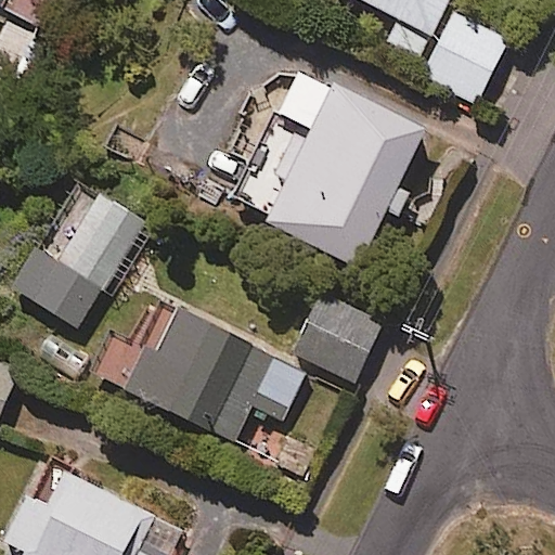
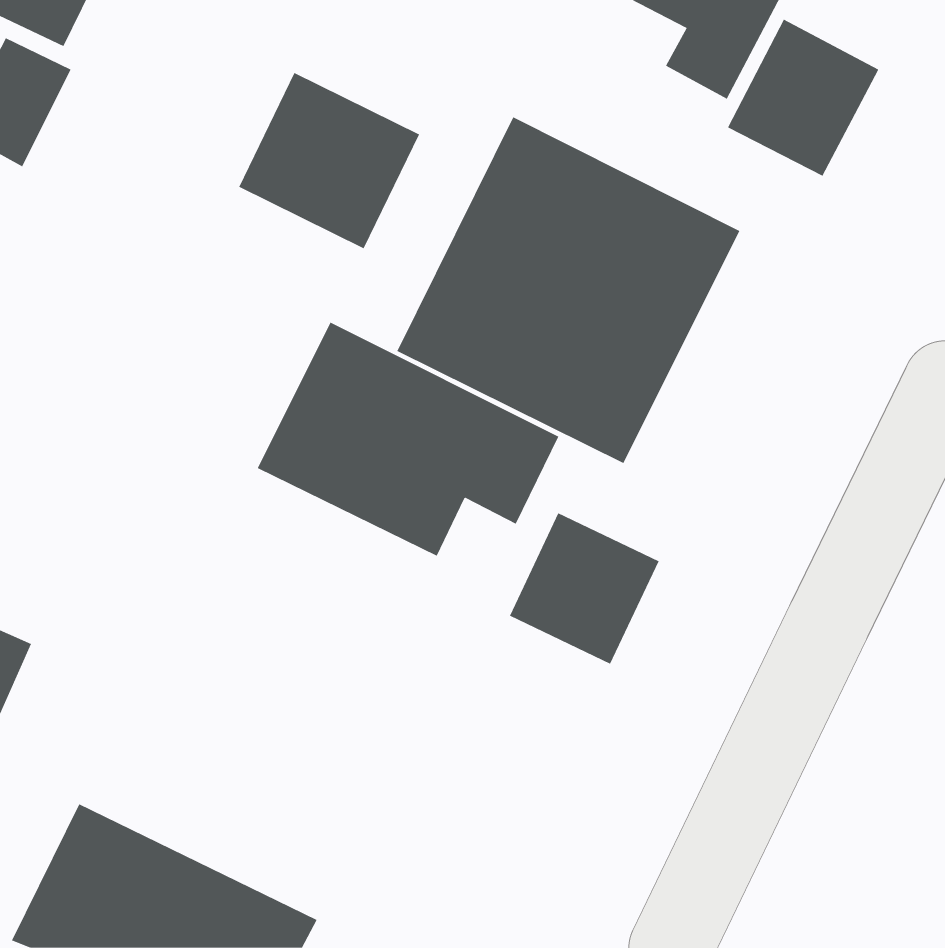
building: none -> [238,72,420,249]
building: [12,182,150,330] -> none
building: [128,305,302,440] -> [257,322,559,556]

